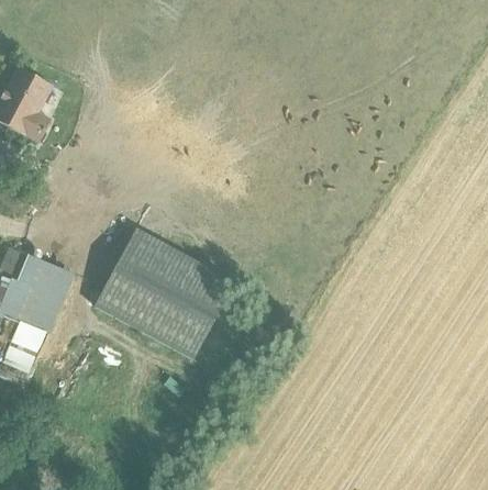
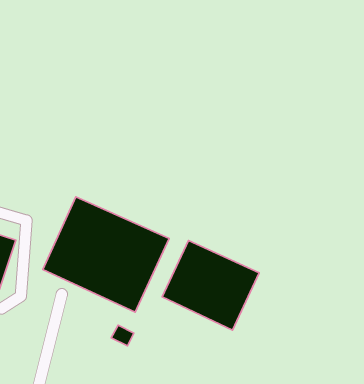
building: none -> [162,240,259,330]

